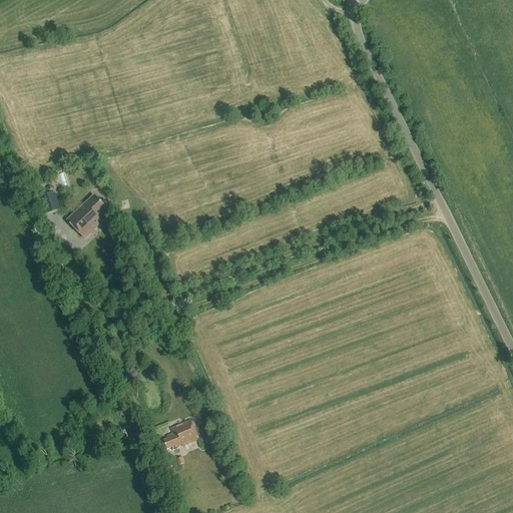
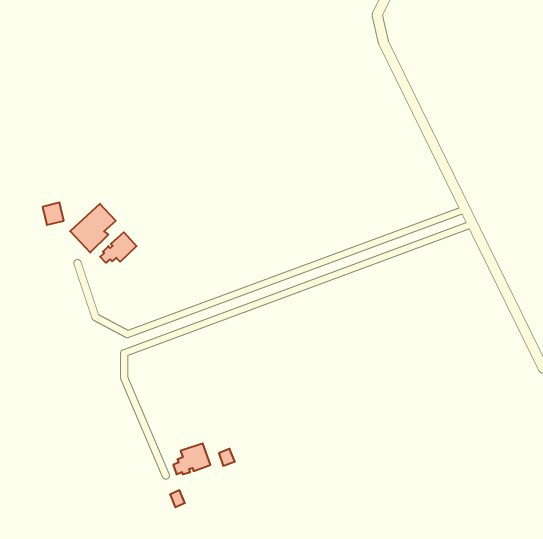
building: none -> [100,232,137,263]

